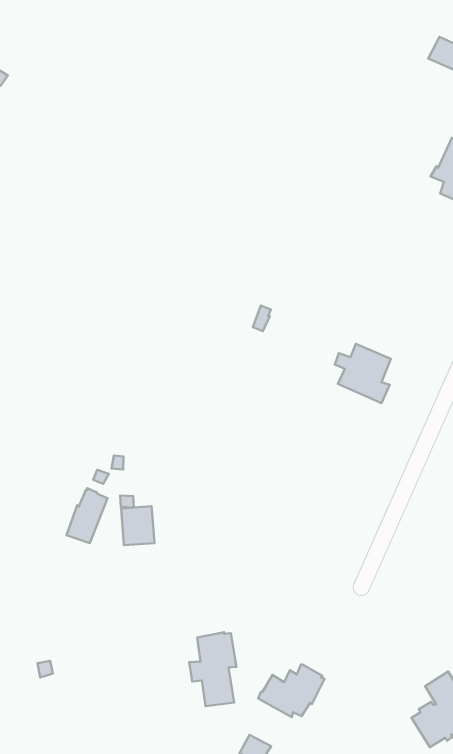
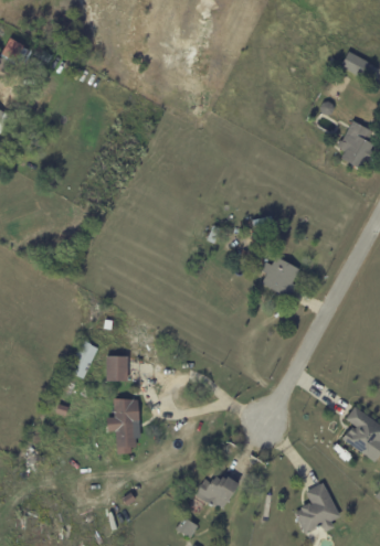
building: [189,632,236,706] -> [108,399,140,449]

